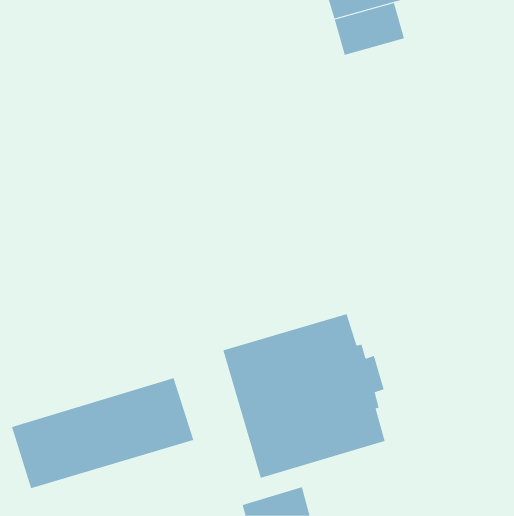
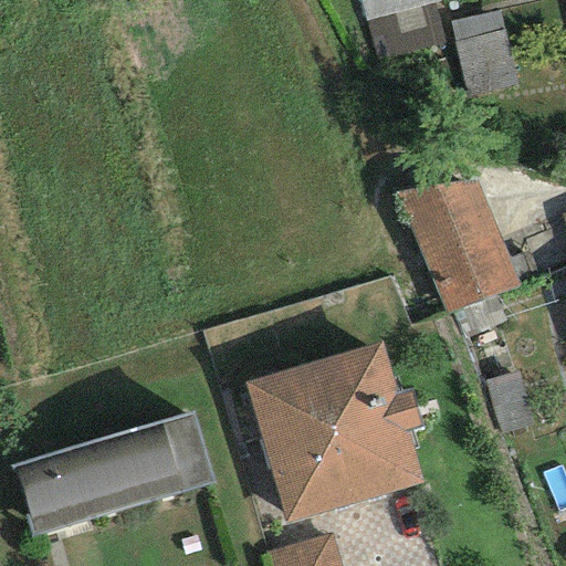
building: none -> [452,10,517,97]
building: none -> [396,180,520,312]

